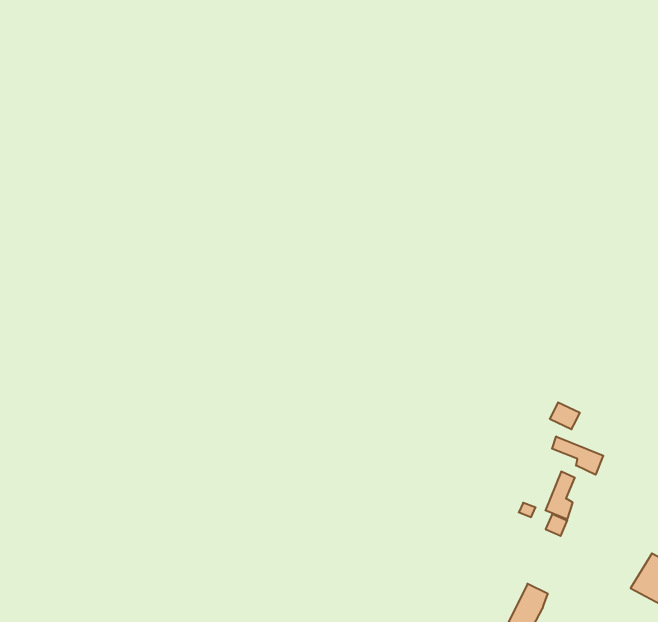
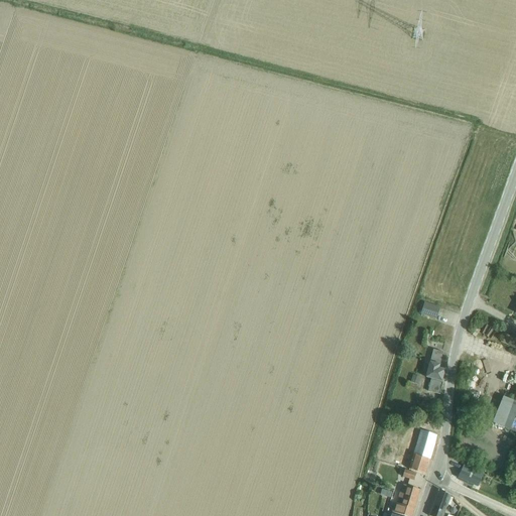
building: [552,436,603,475] -> none

